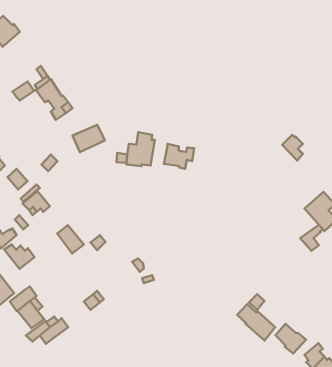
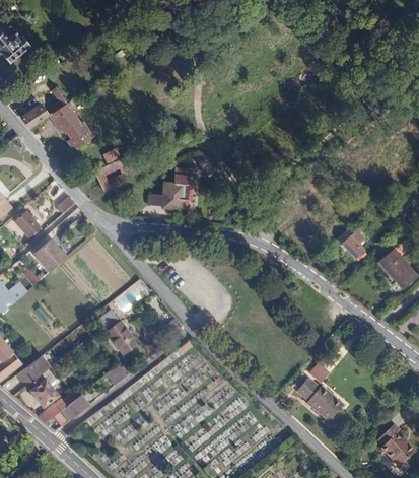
building: [282,135,303,161] -> [338,226,363,258]
building: [164,144,194,169] -> none
building: [300,225,323,251] -> none
building: [57,225,84,254] -> [109,324,141,358]
building: [4,245,35,269] -> none
building: [275,324,306,354] -> none

